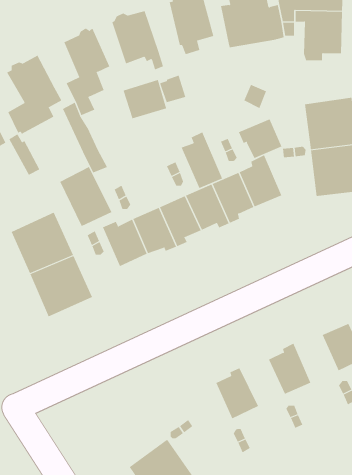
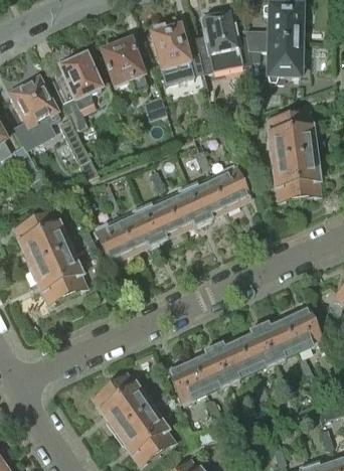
building: [123,79,167,119] -> none
building: [238,118,282,159] -> none
building: [181,132,223,189] -> none
building: [60,166,112,227] -> none
building: none -> [260,318,298,359]
building: none -> [213,339,251,379]
building: none -> [169,359,206,401]
building: none -> [95,375,151,432]

